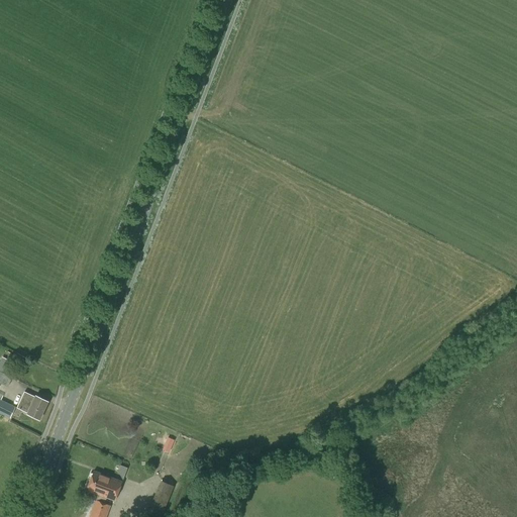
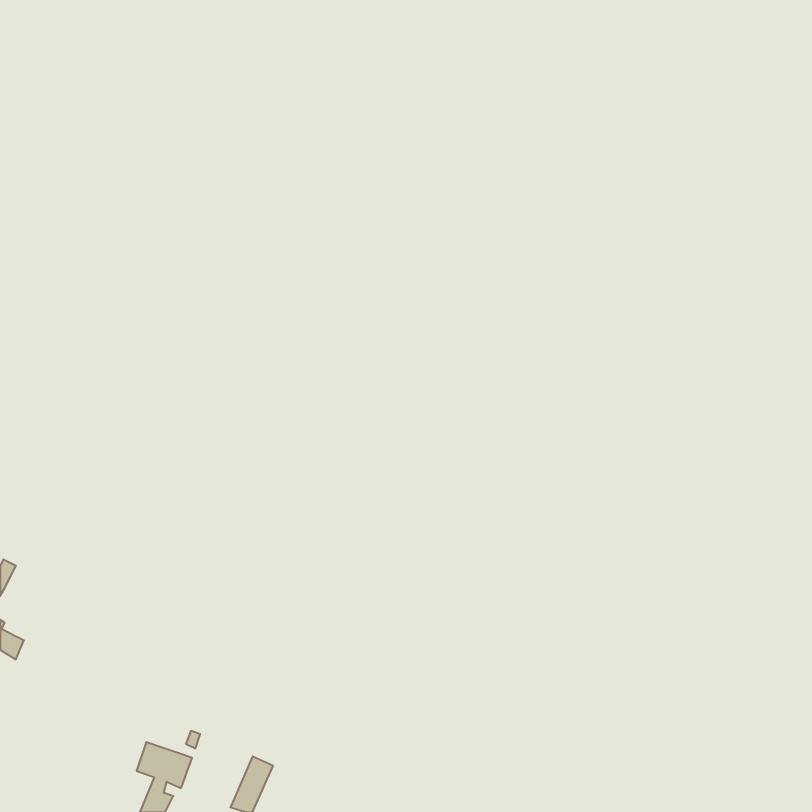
building: [16,392,47,419] -> none

